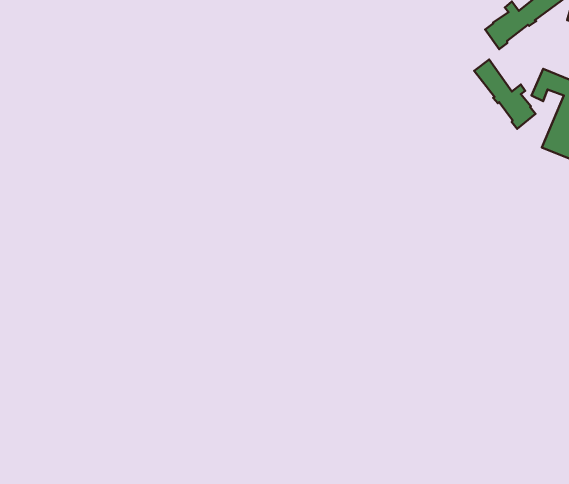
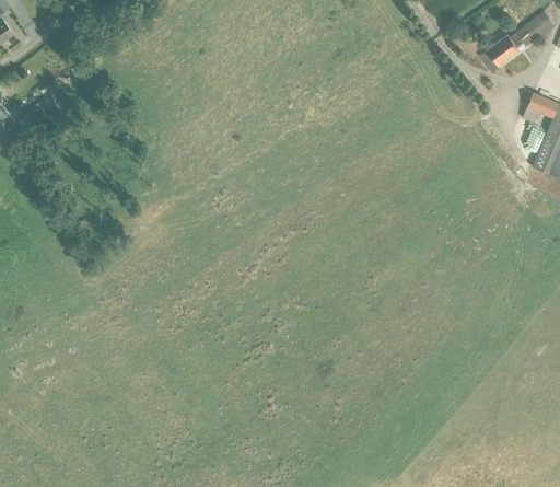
building: [474,60,536,129] -> none

